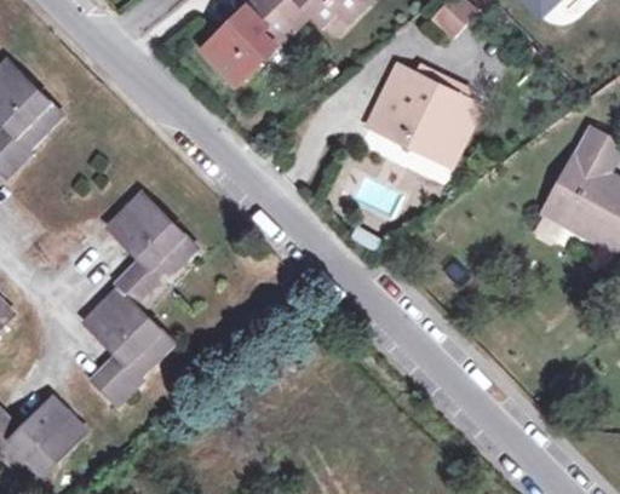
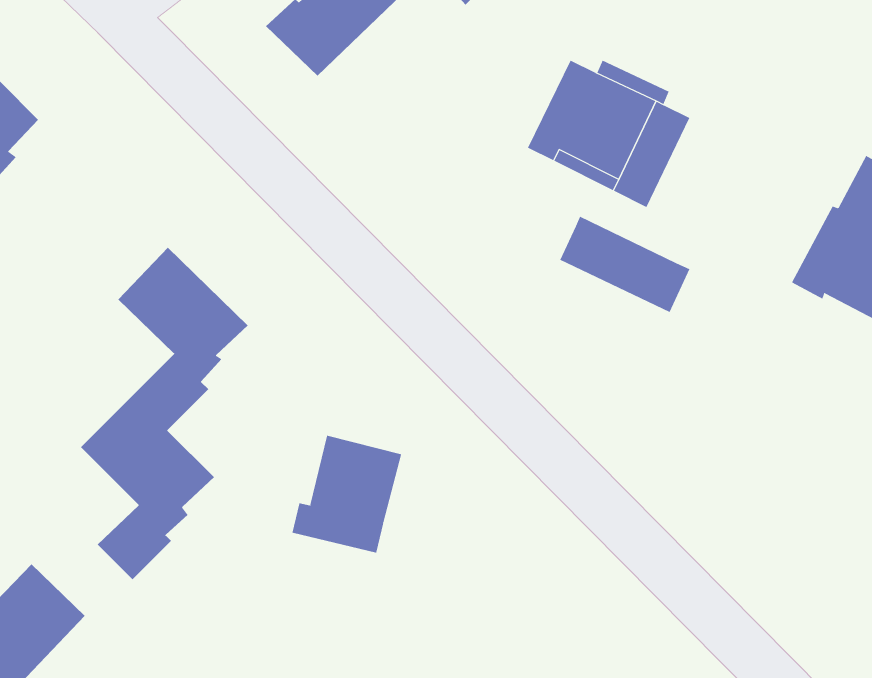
building: none -> [560,216,690,313]
building: none -> [292,435,402,554]

